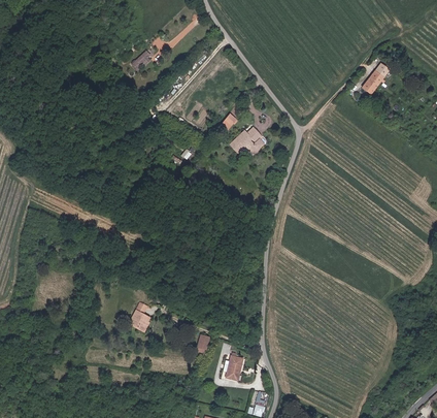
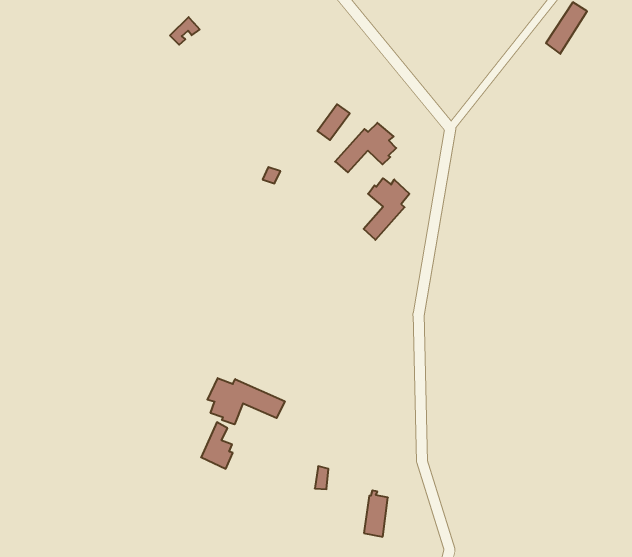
building: none -> [364,178,409,240]
building: none -> [207,378,285,424]

